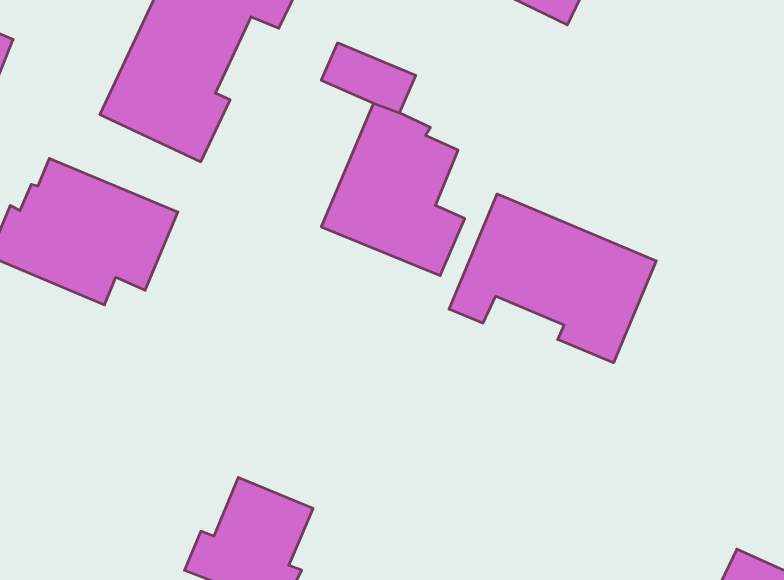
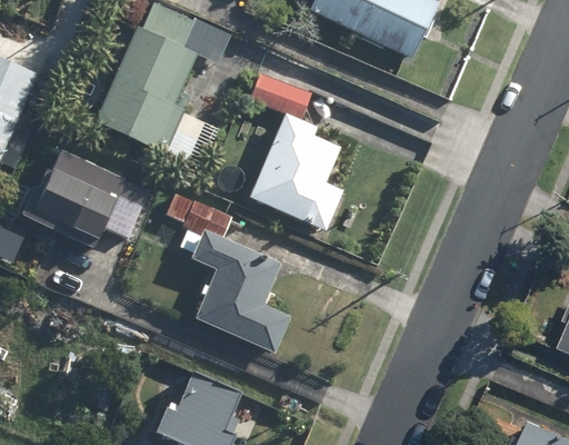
building: [449,194,656,363] -> none
building: none -> [191,227,291,353]

